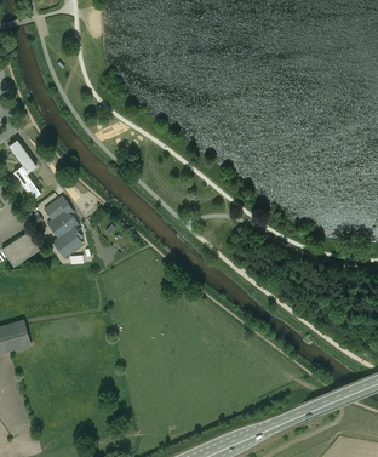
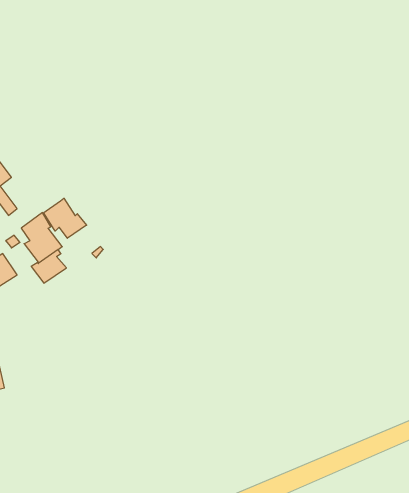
building: none -> [43,198,87,238]

